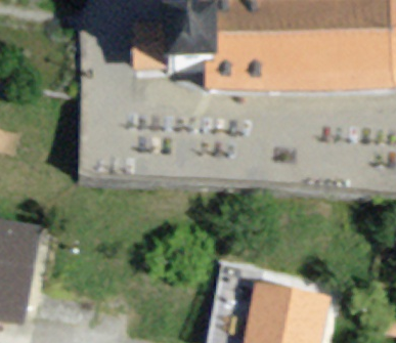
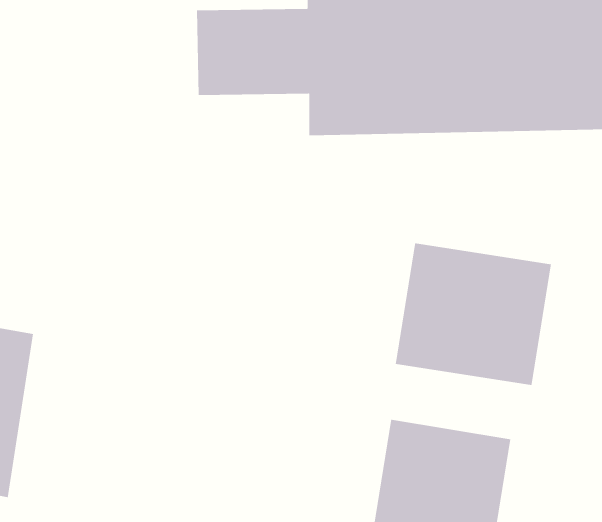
building: none -> [395,242,551,386]

